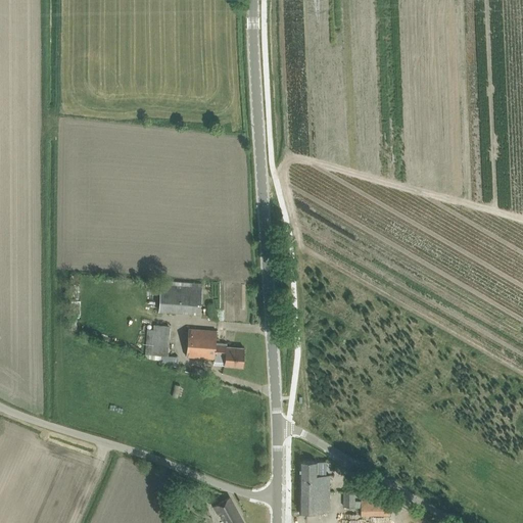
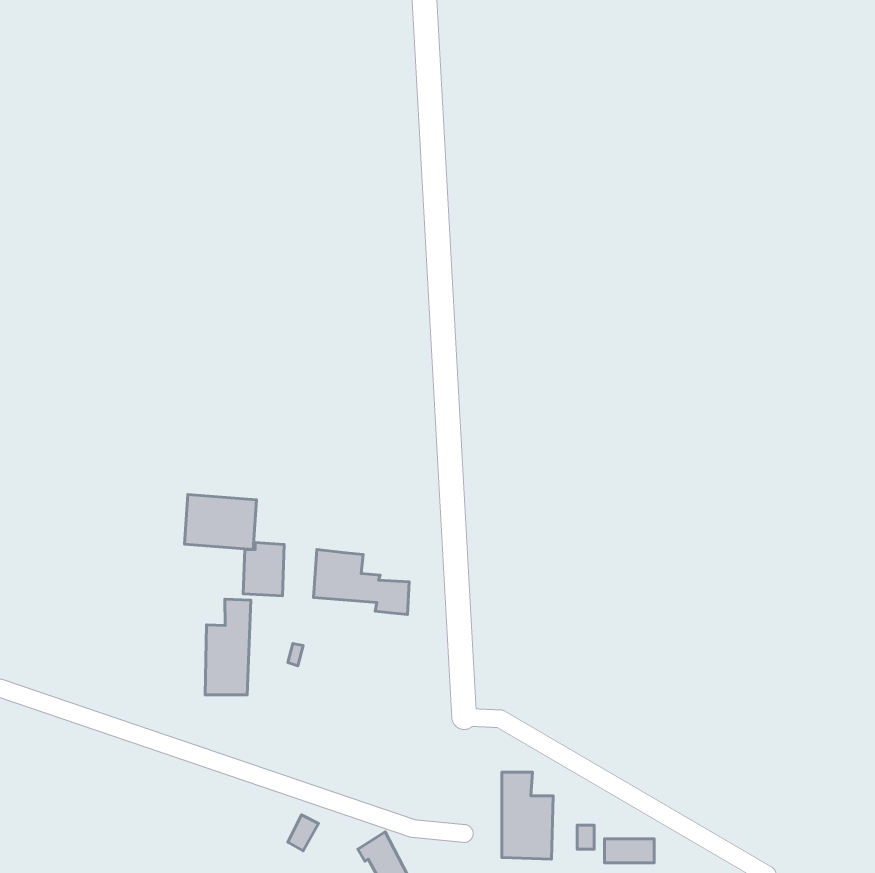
building: [159,282,202,315] -> [185,495,256,549]
building: none -> [205,599,251,695]

